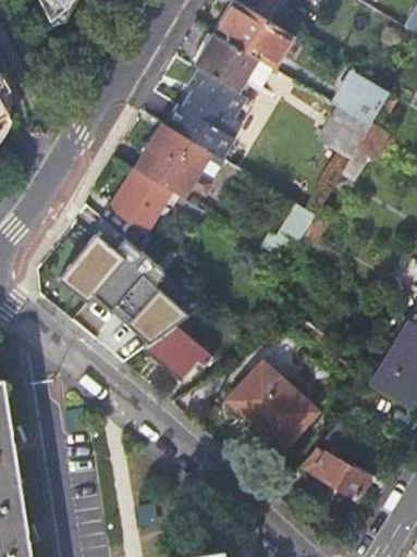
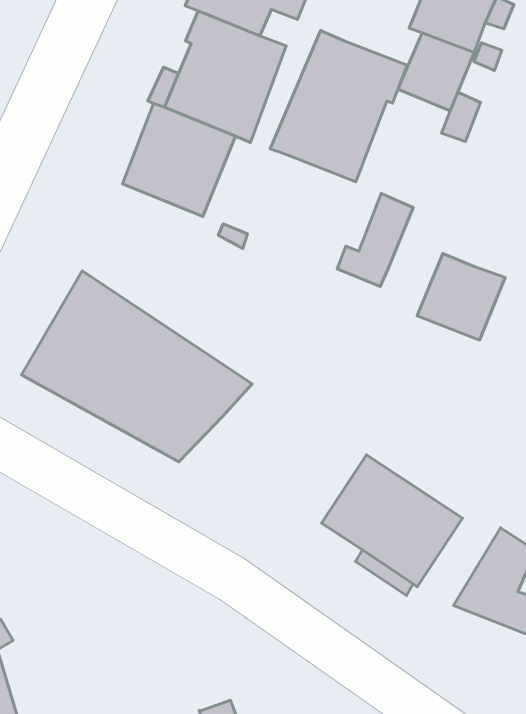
building: none -> [270,31,407,182]
building: [114,170,173,235] -> none
building: none -> [417,253,505,340]
building: [145,325,213,383] -> none

